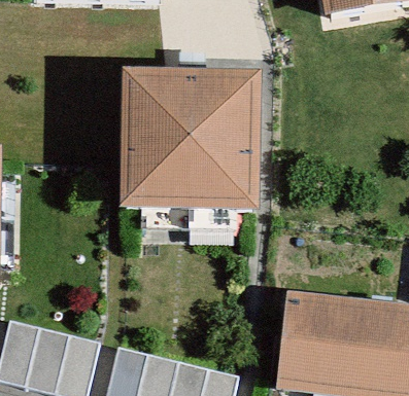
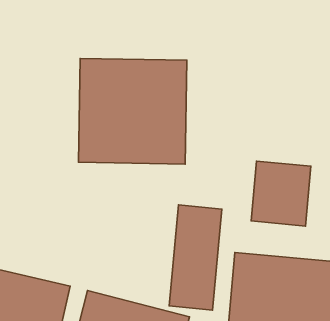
building: none -> [251,161,311,226]
building: none -> [169,205,222,310]

